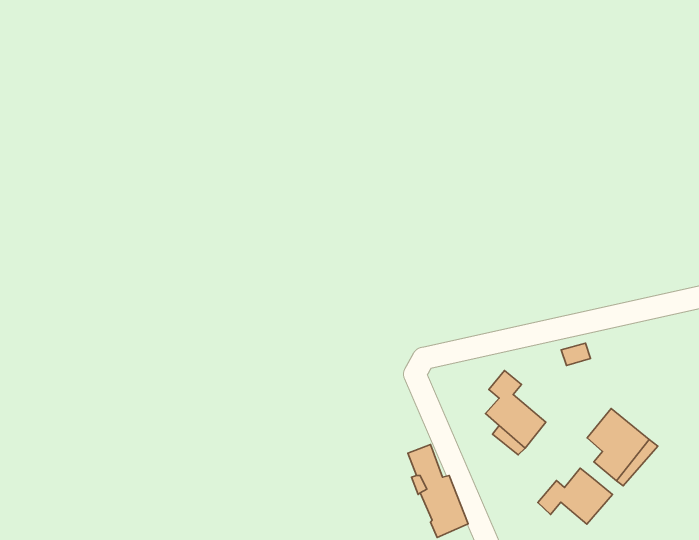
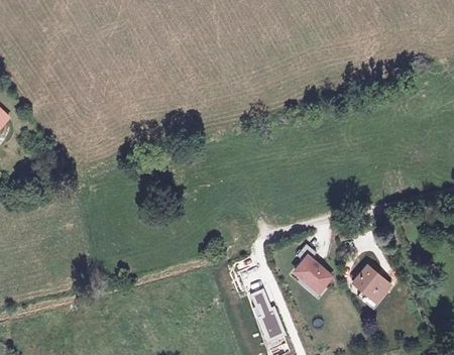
building: [538,468,612,524] -> none

